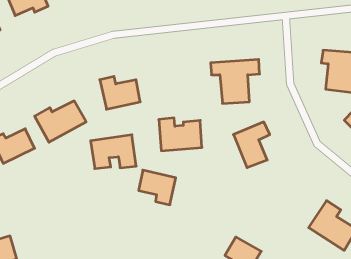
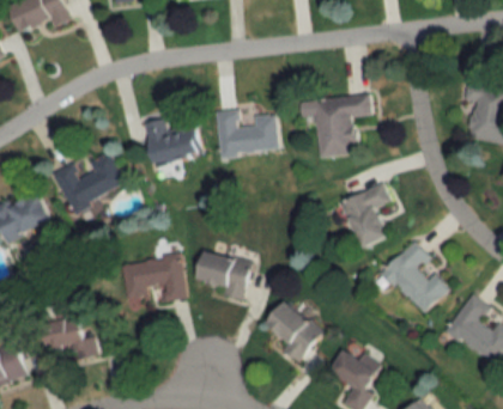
building: [159,118,202,151] -> [218,110,279,157]
building: [91,135,136,169] -> [122,255,187,303]
building: none -> [377,242,447,315]
building: none -> [256,300,317,358]
building: none -> [49,319,97,361]

